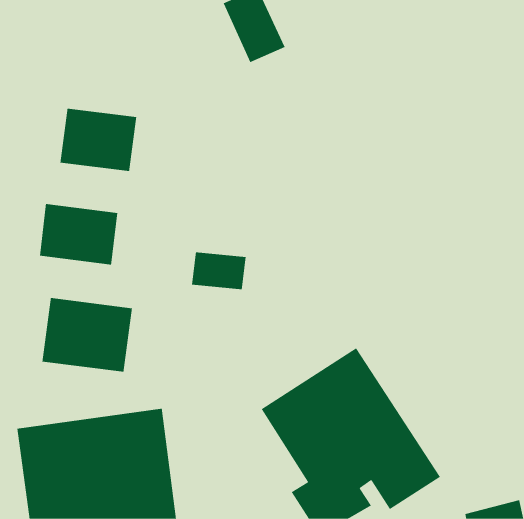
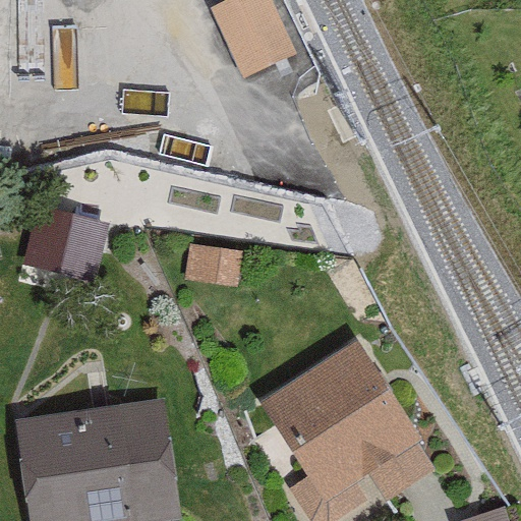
building: [60,108,137,172] -> none
building: [42,297,133,372] -> none

